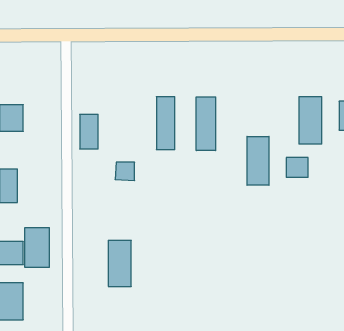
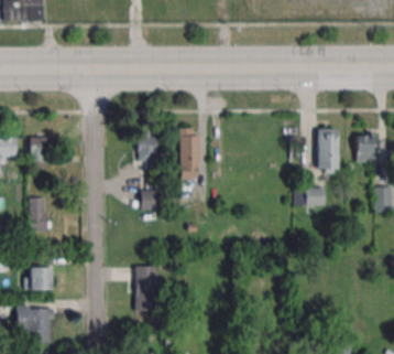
building: [196,97,216,151] -> none
building: [80,114,98,149] -> [139,131,156,164]
building: [247,136,269,185] -> none
building: [25,228,49,267] -> none

